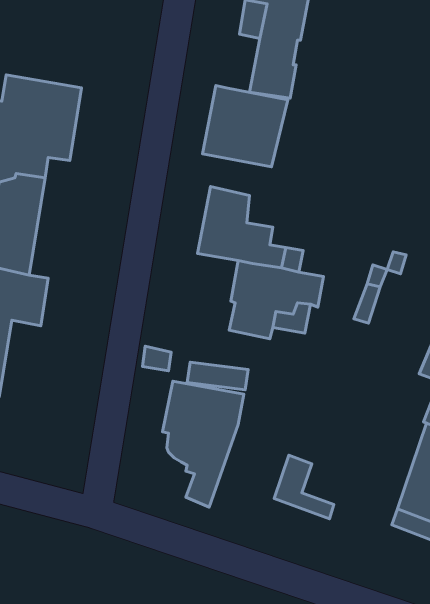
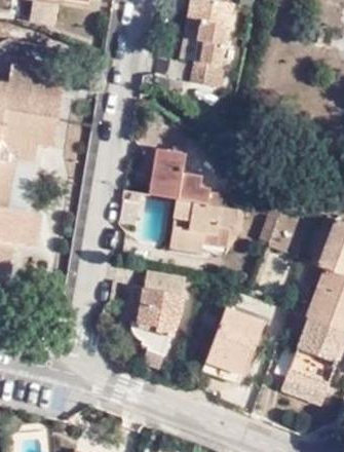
building: [203,85,288,167] -> none
building: none -> [213,307,263,374]

